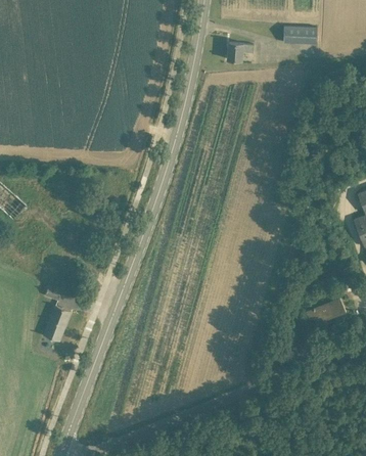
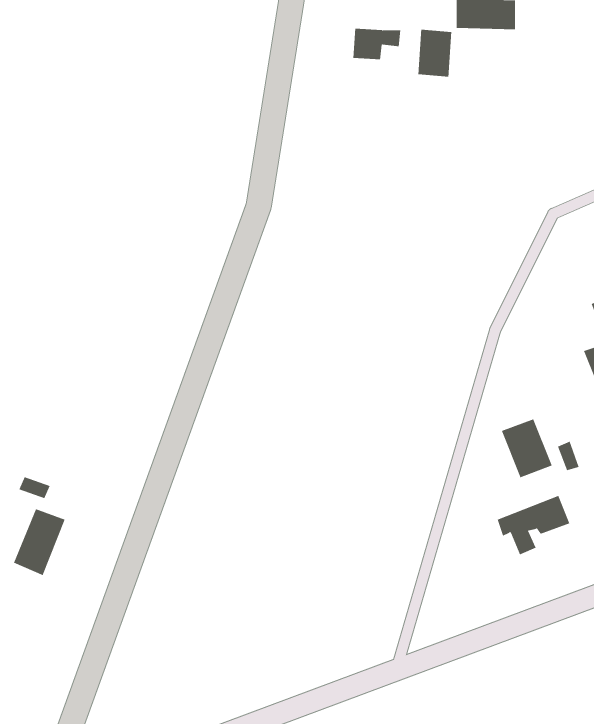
building: none -> [418,29,452,77]
building: none -> [501,419,553,478]

